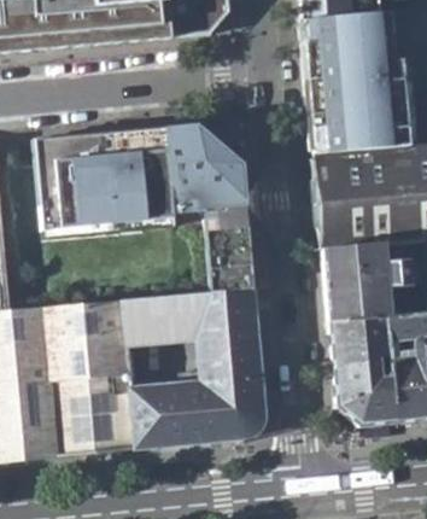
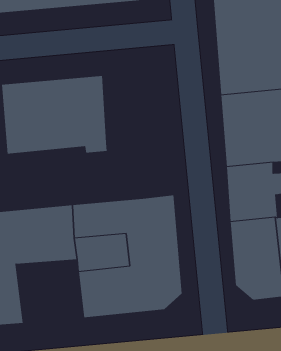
building: [160,127,253,291] -> none
building: [47,371,135,454] -> none

